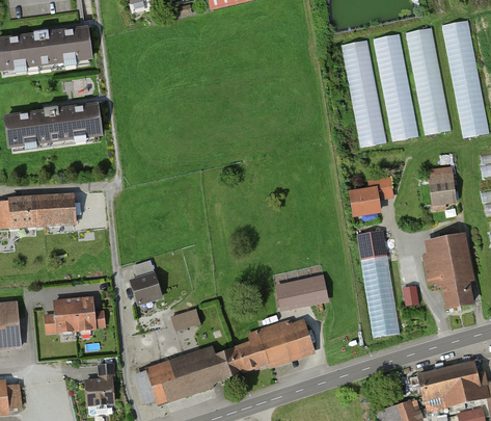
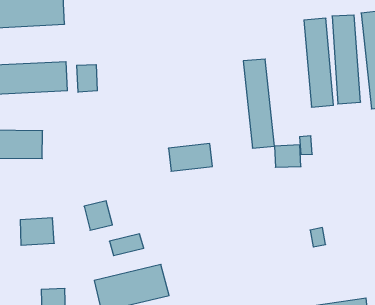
building: [340,40,385,147] -> [243,59,274,148]
building: none -> [77,65,97,92]
building: [427,164,459,207] -> none
building: [356,230,399,335] -> none
building: [424,231,469,308] -> none
building: [274,274,328,311] -> [168,144,212,171]
building: [225,315,317,377] -> none

